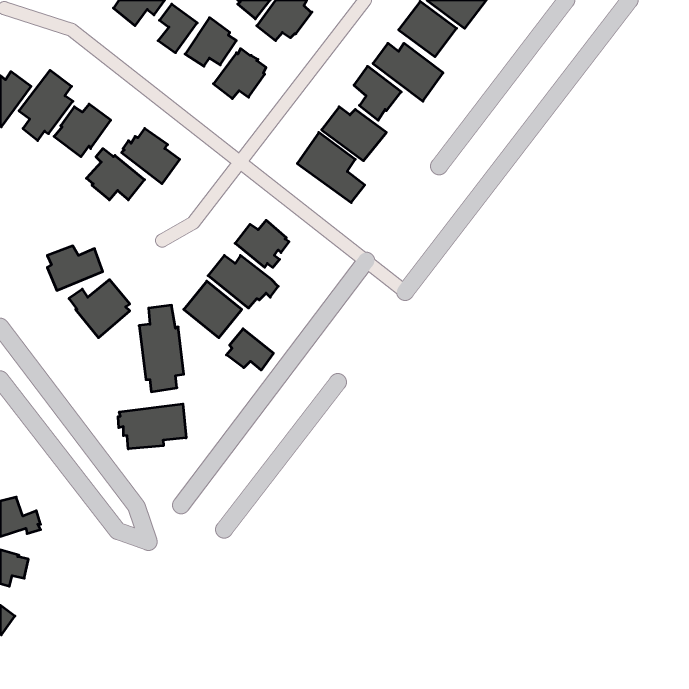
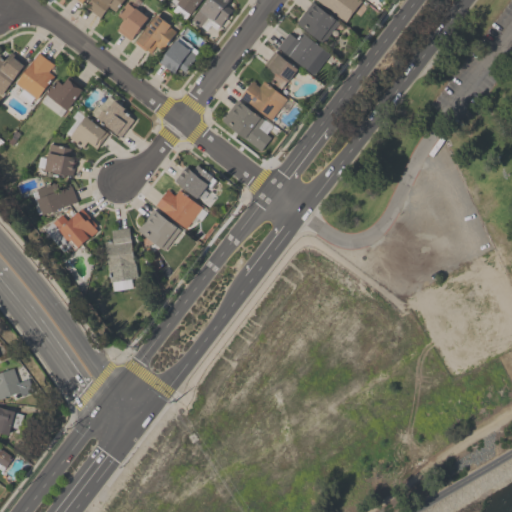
building: none -> [44,144,76,176]
building: [226,329,273,370] -> none
building: [118,404,186,449] -> none

